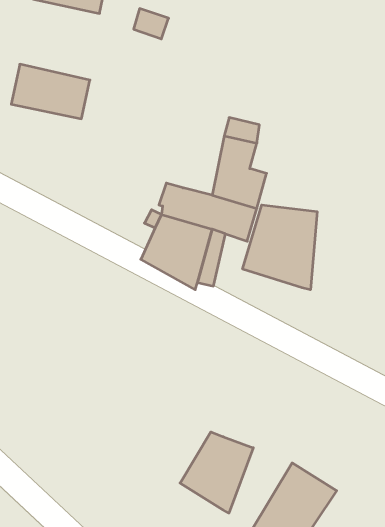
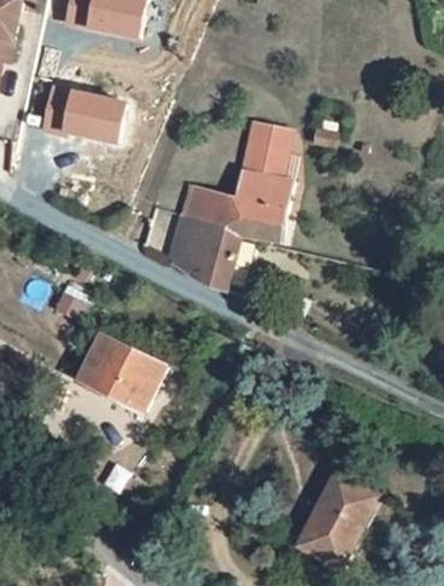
building: [243,205,317,290] -> none
building: none -> [74,318,161,400]
building: [180,432,253,513] -> none

